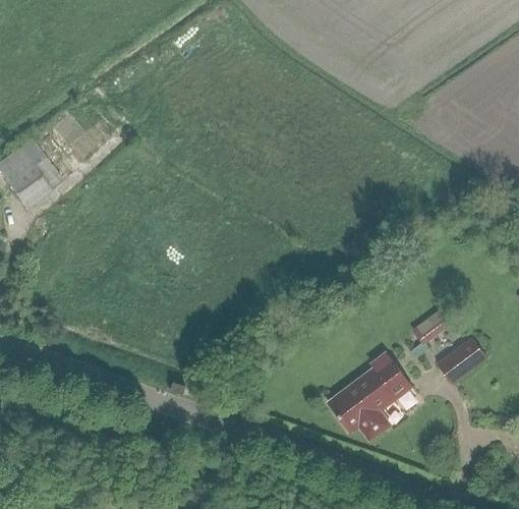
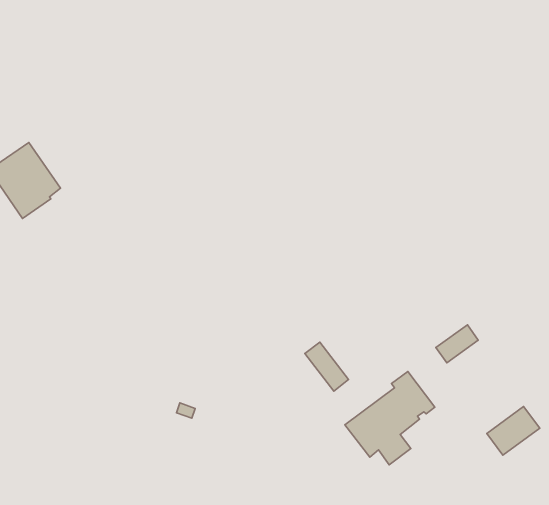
building: none -> [305,342,349,391]
building: [437,338,486,384] -> [487,406,540,455]

